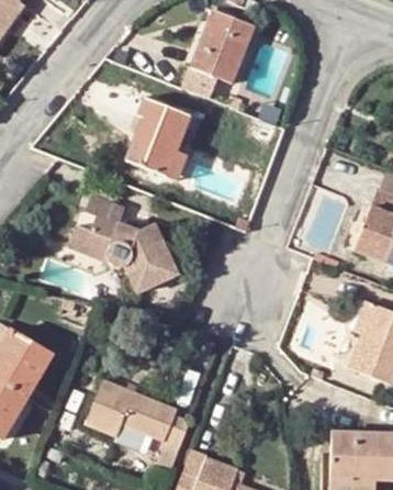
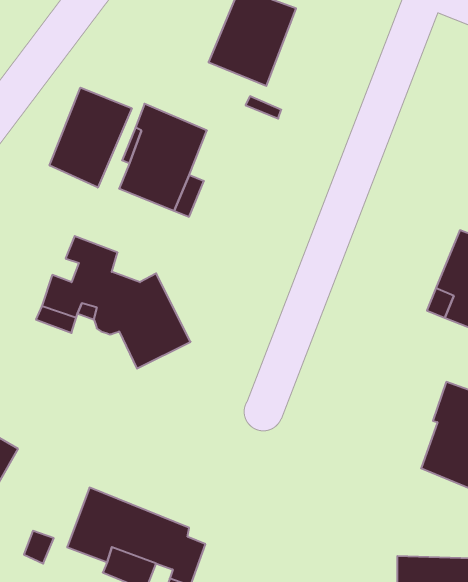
building: none -> [50,88,132,188]

